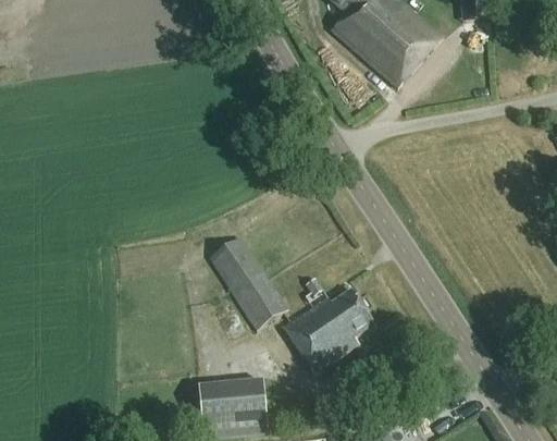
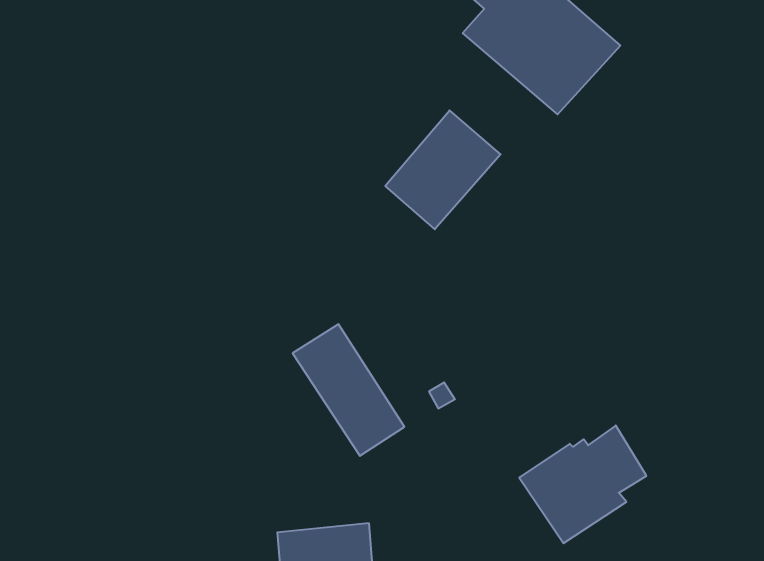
building: none -> [385,110,501,229]
building: [282,287,372,371] -> [519,425,646,543]

